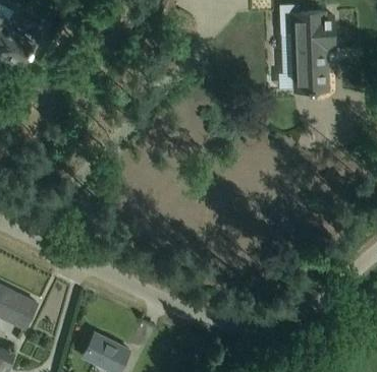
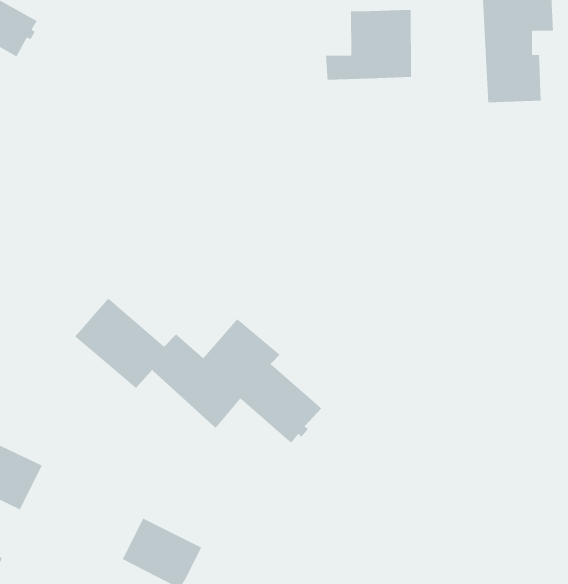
building: none -> [325,9,412,80]
building: none -> [74,298,322,444]

